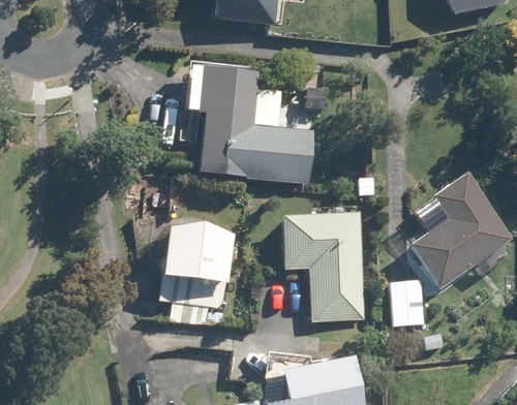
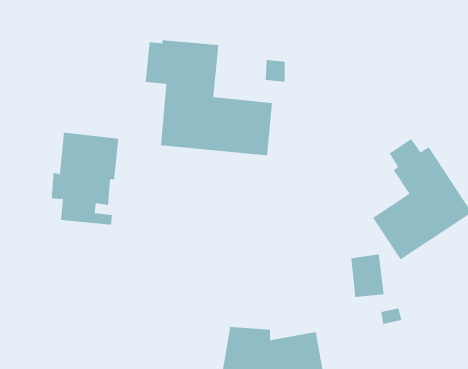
building: [284,212,363,320] -> none
building: [160,231,229,324] -> [51,132,119,225]

